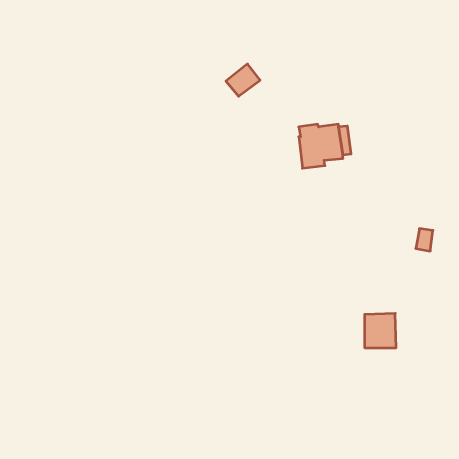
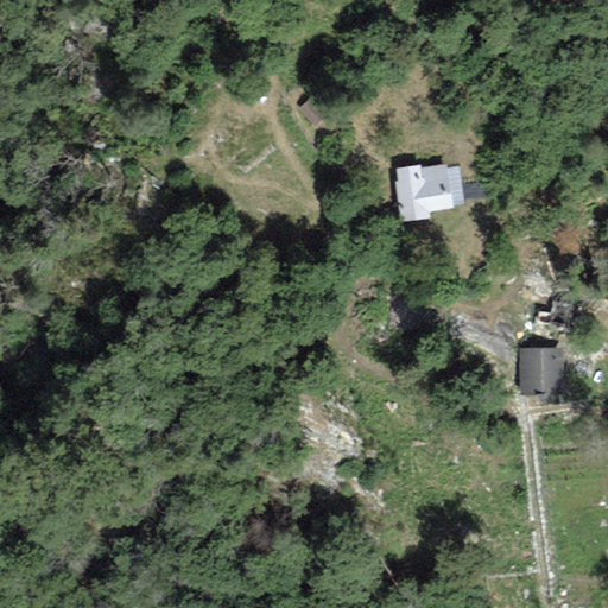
building: [365,313,396,348] -> [521,347,563,392]

